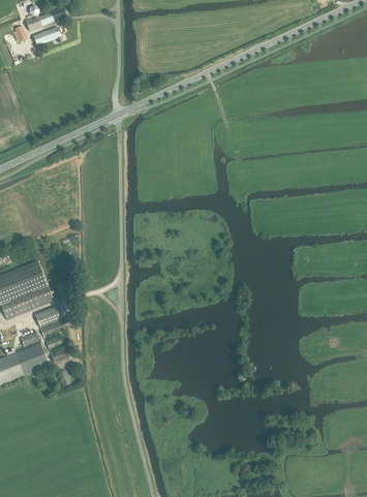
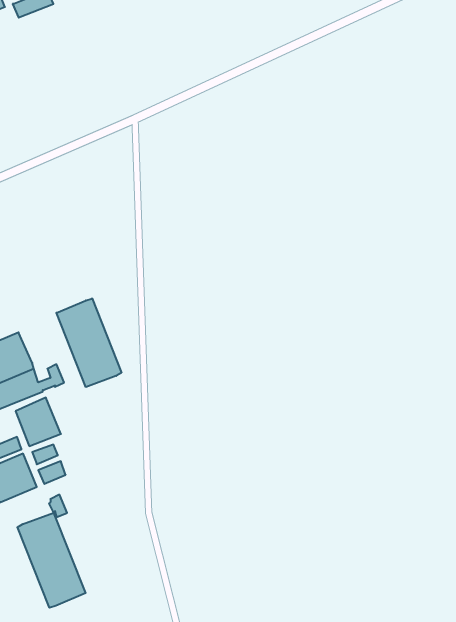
building: none -> [56,298,121,387]
building: none -> [17,513,86,608]

